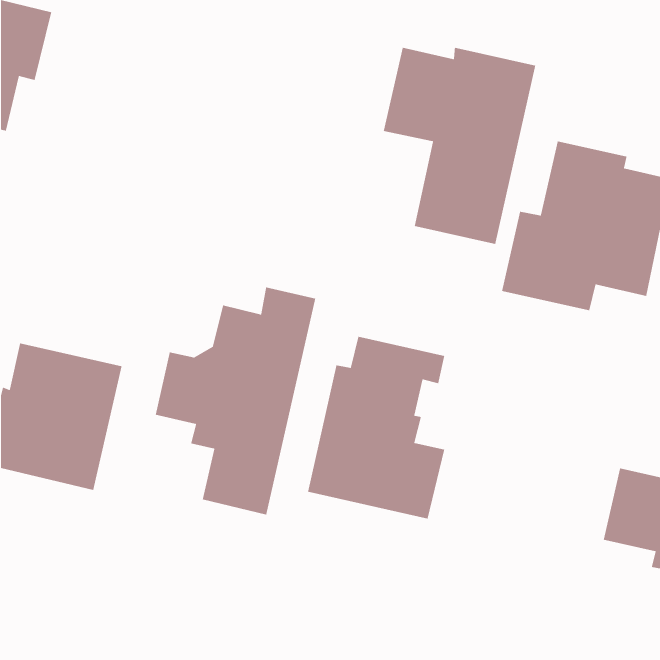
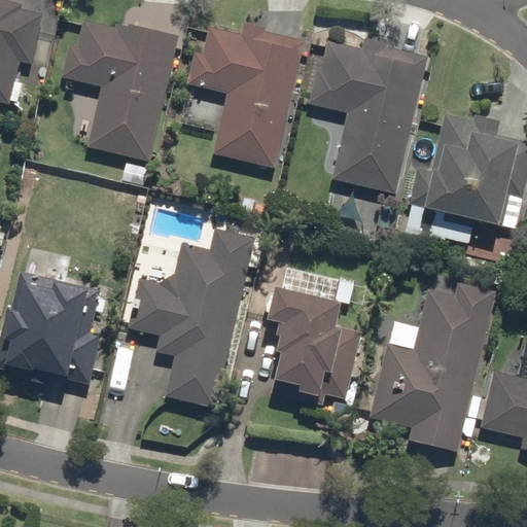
building: none -> [61,13,180,163]
building: none -> [187,23,306,169]
building: none -> [370,282,493,453]

